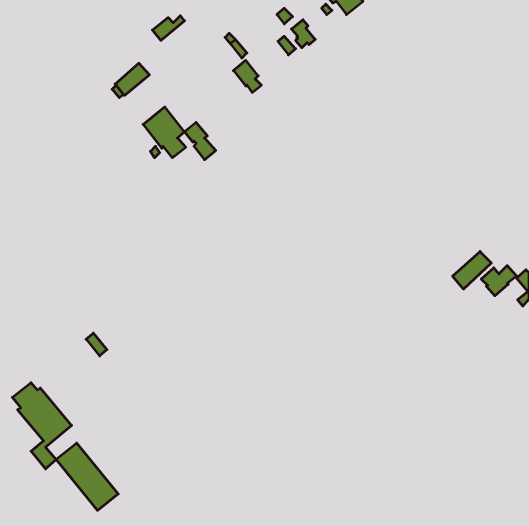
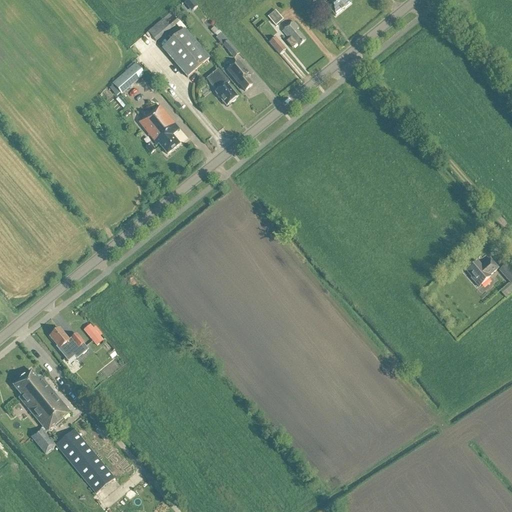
building: none -> [161,27,209,76]
building: [185,122,216,160] -> [206,67,236,103]
building: [453,251,491,289] -> none
building: none -> [49,326,88,359]

